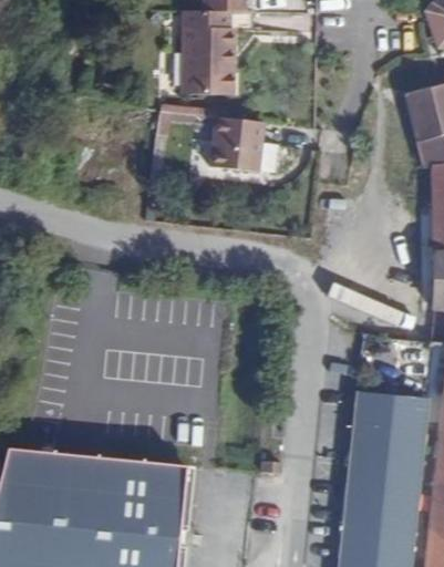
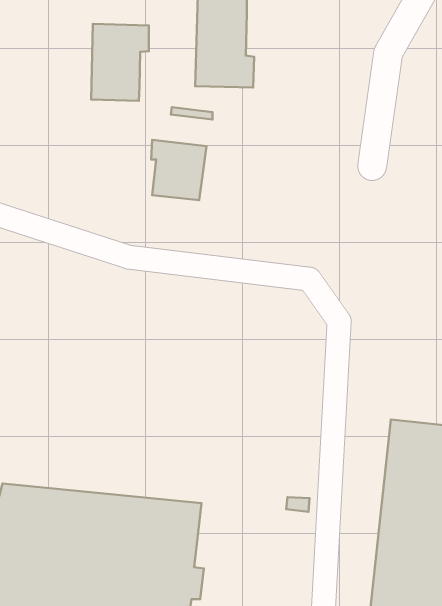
building: none -> [91,24,149,101]
building: [214,117,264,172] -> [151,140,206,200]

